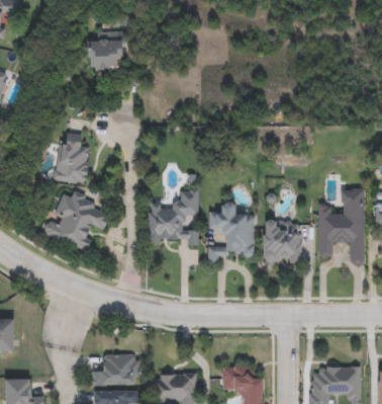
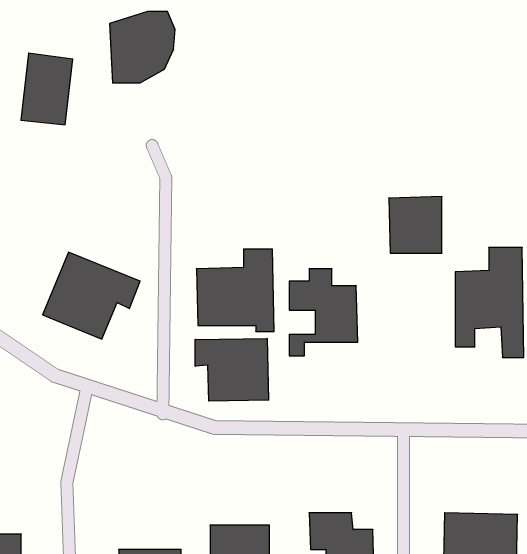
building: [55,135,89,182] -> [21,53,73,125]
building: [264,221,299,258] -> [389,197,442,253]
building: none -> [195,338,269,401]
building: [91,354,135,385] -> none

